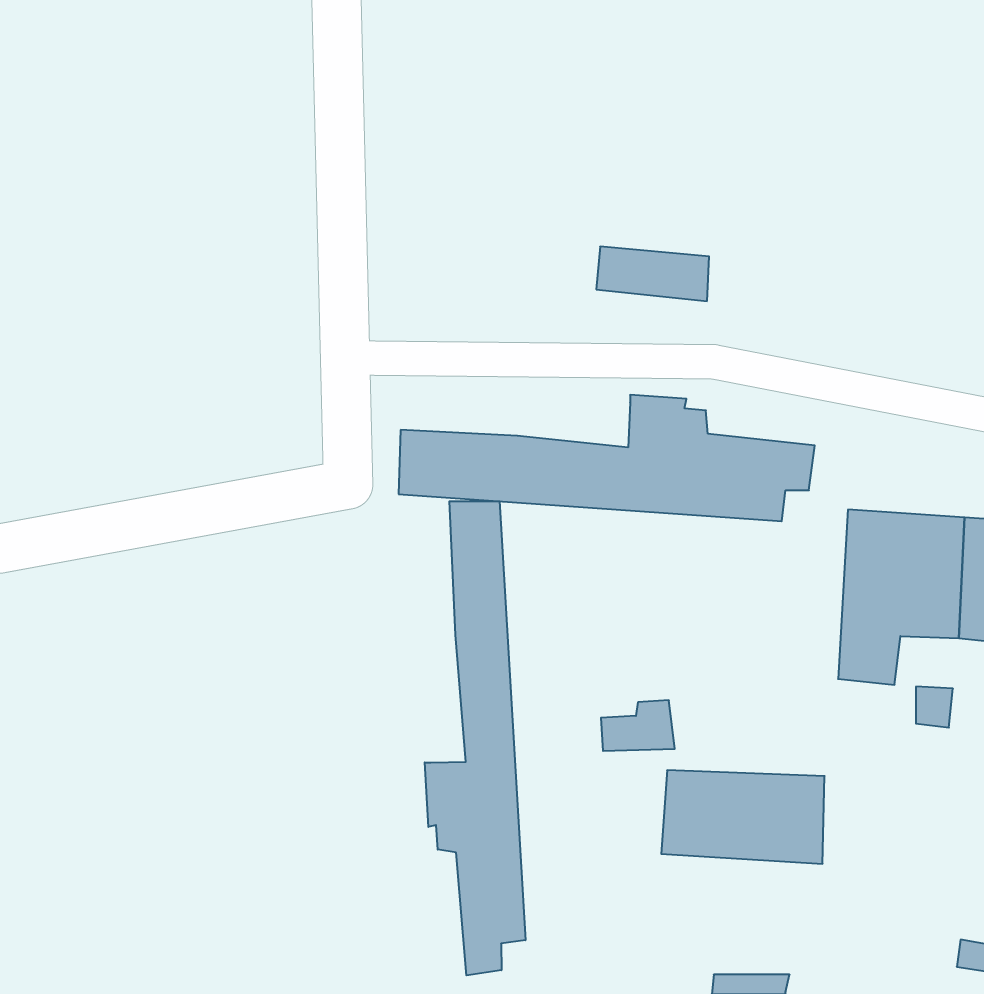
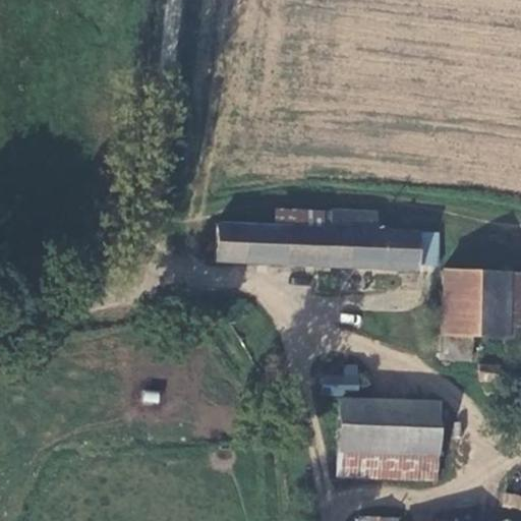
building: [596,247,709,301] -> [276,206,335,234]
building: [425,501,525,975] -> none
building: none -> [350,447,436,478]

